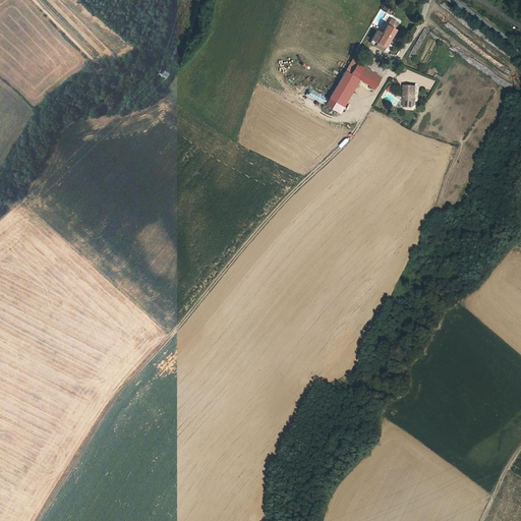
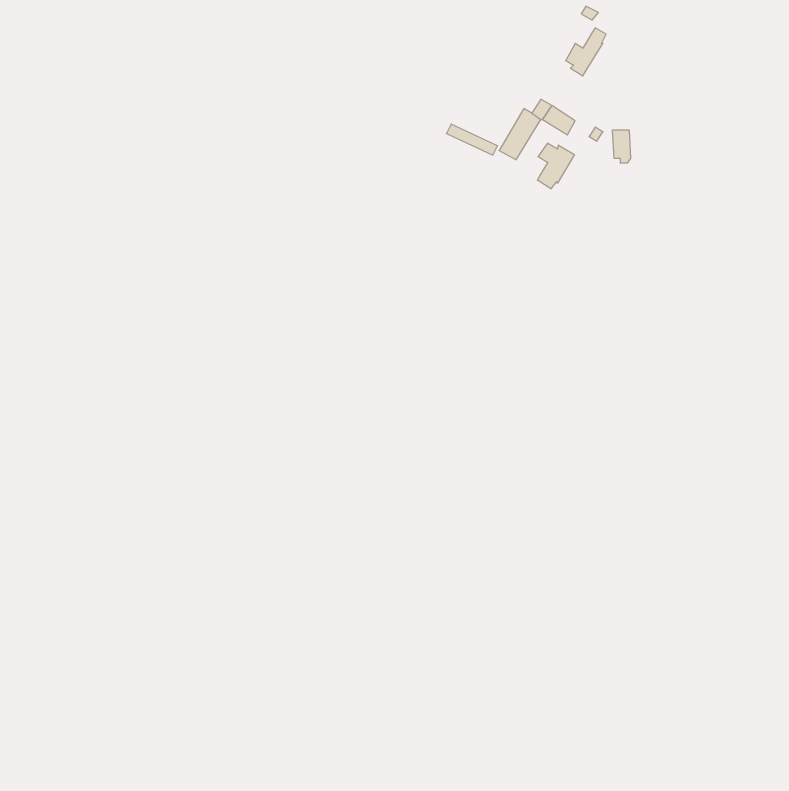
building: none -> [537,143,574,189]

